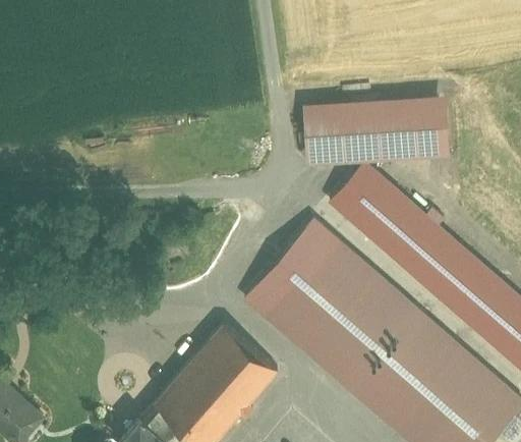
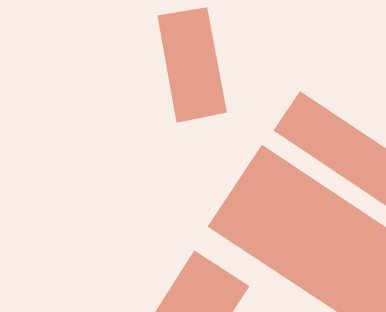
building: none -> [157,6,227,124]
building: [300,97,452,163] -> none

